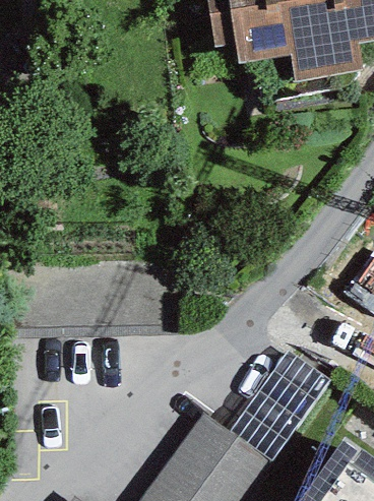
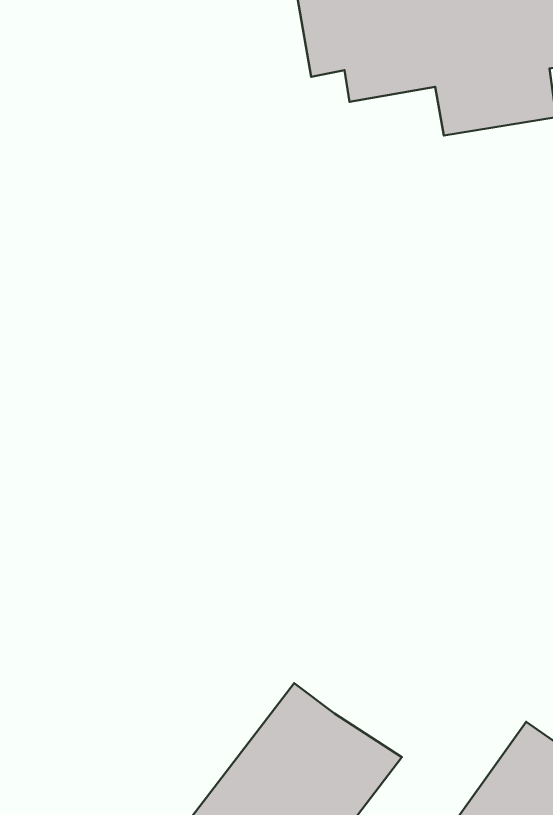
building: [229,351,330,462] -> none

